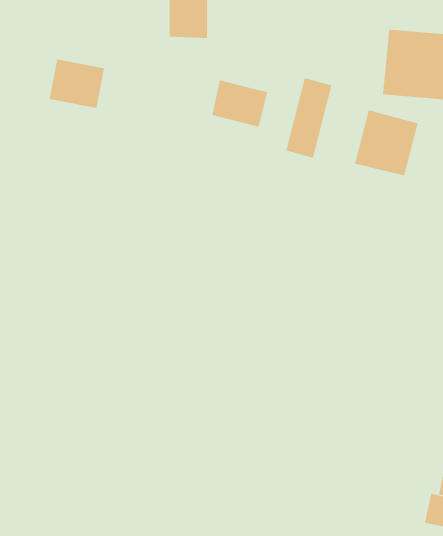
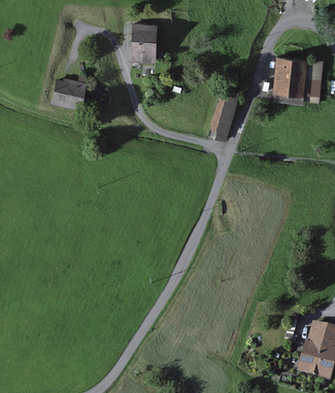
building: [212,80,268,127] -> none
building: [355,109,418,176] -> none

